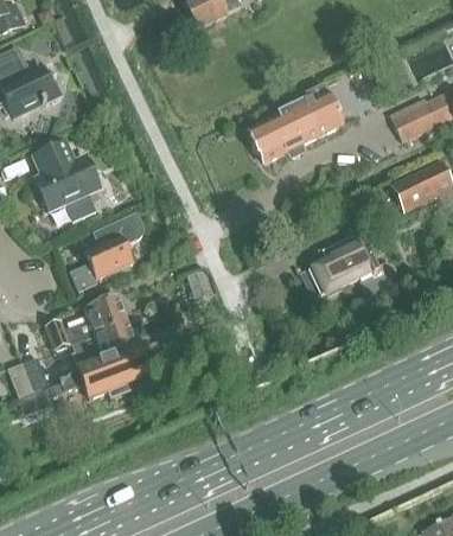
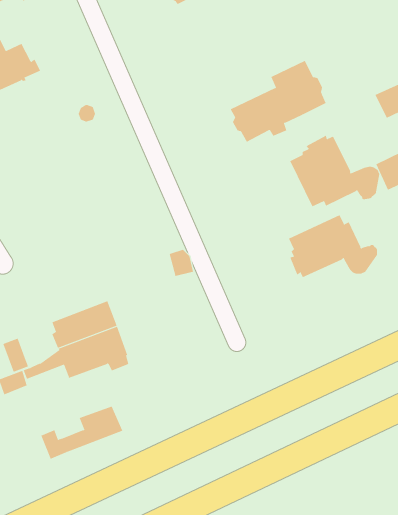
building: [34,141,100,221] -> none
building: none -> [289,135,380,207]
building: [70,212,142,289] -> none
building: [45,295,127,349] -> [41,406,123,460]

